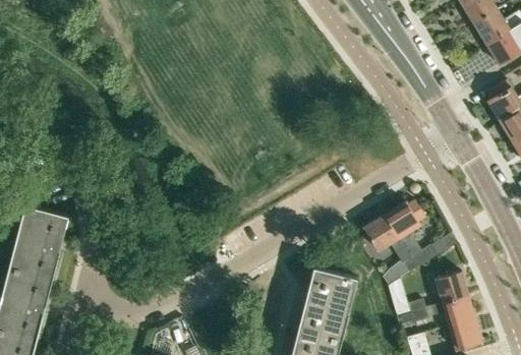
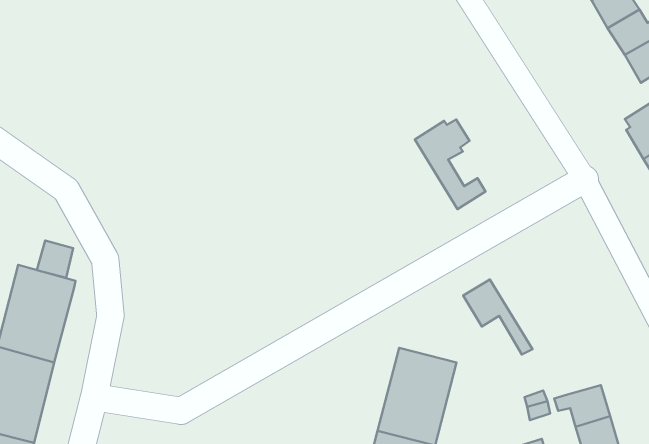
building: none -> [37,240,73,278]
building: [383,200,437,269] -> [415,119,486,209]
building: [435,273,467,303] -> none

